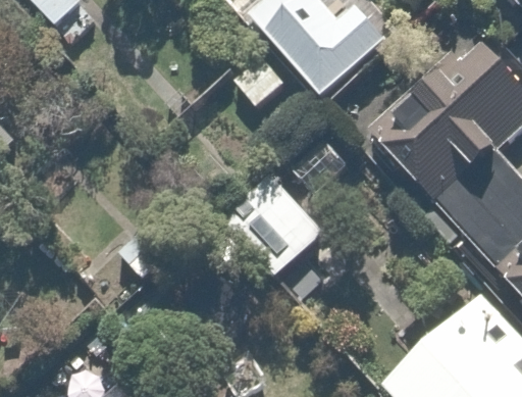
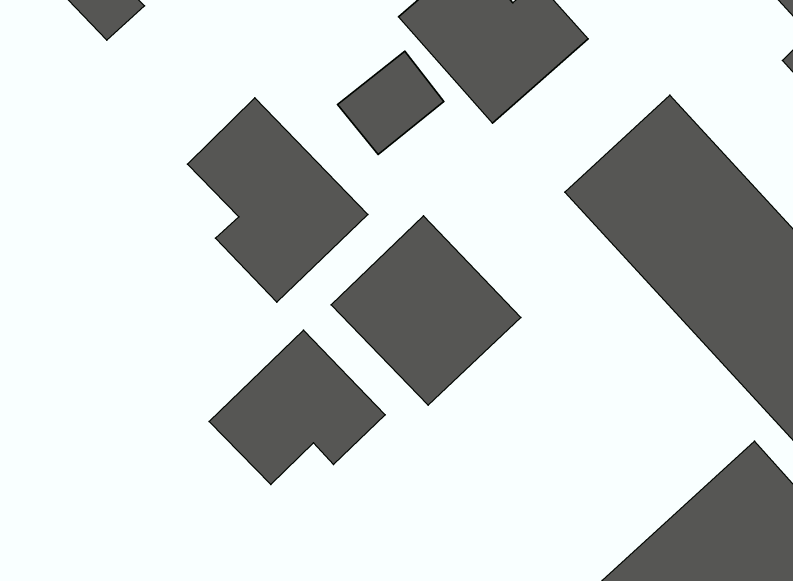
building: none -> [187,98,368,302]
building: none -> [209,330,385,484]

